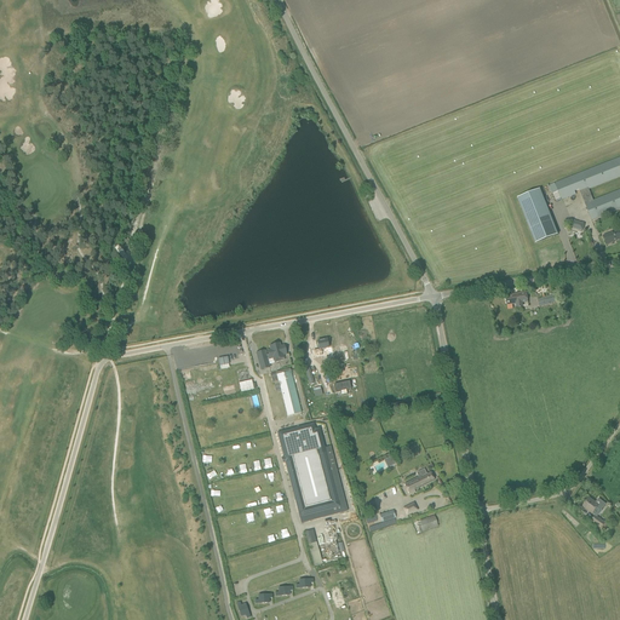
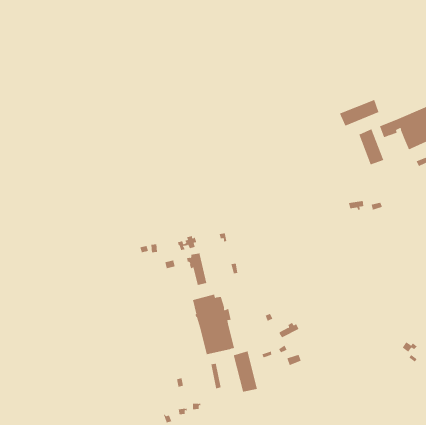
building: none -> [339,99,379,127]
building: none -> [233,351,258,392]

